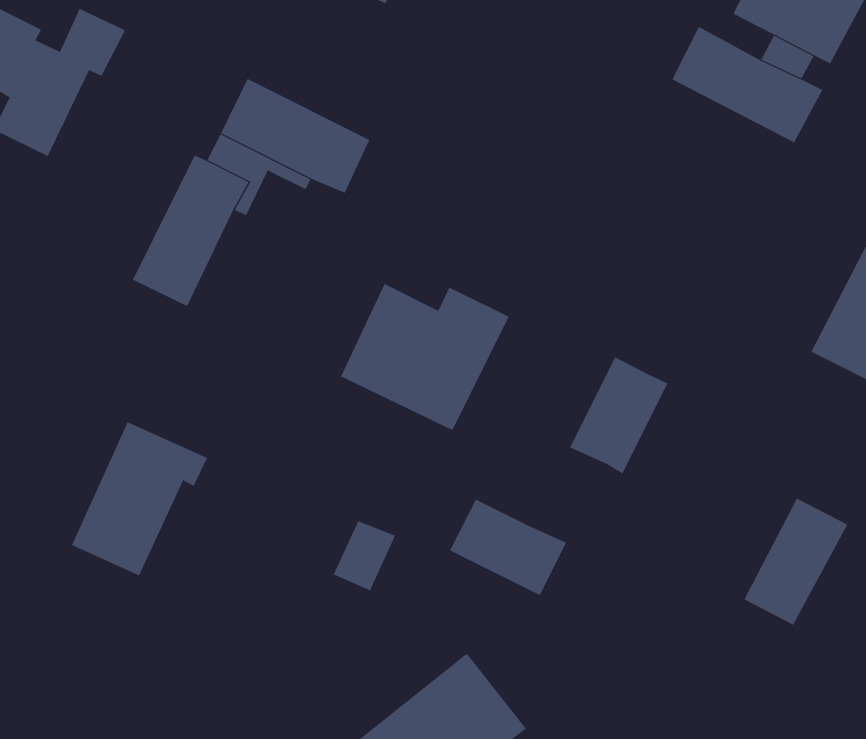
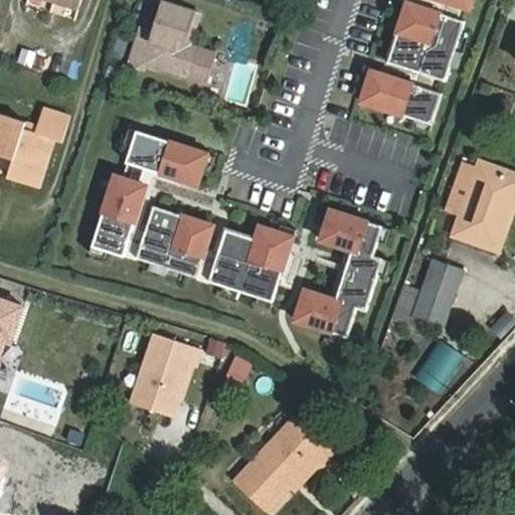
building: none -> [135,204,211,276]
building: none -> [319,208,380,255]
building: [71,421,208,576] -> [130,338,195,418]
building: [744,498,848,626] -> [411,258,461,325]
building: [449,499,567,596] -> [293,290,354,336]

